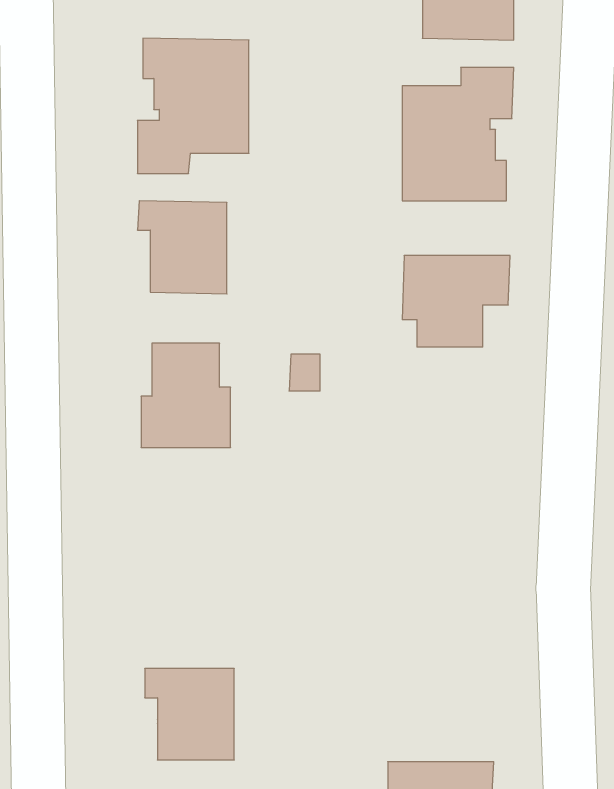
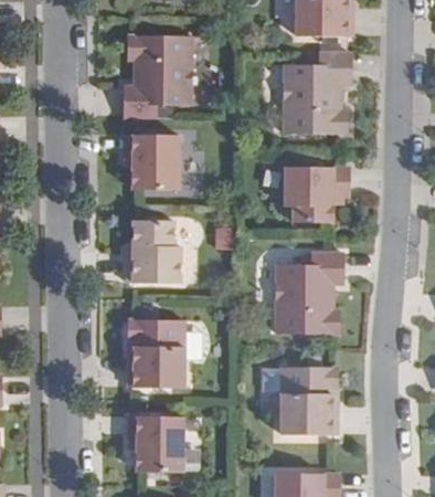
building: none -> [275,252,342,334]
building: none -> [128,319,184,388]
building: none -> [280,367,337,434]

